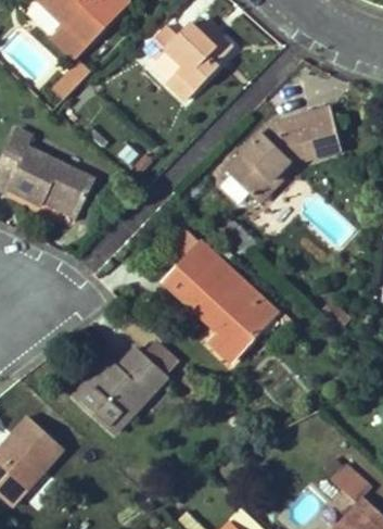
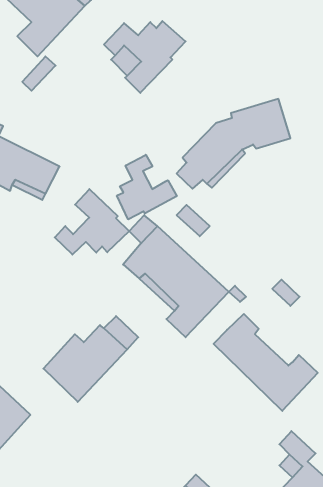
building: none -> [117,155,177,219]
building: none -> [55,189,129,255]
building: none -> [214,314,318,411]

